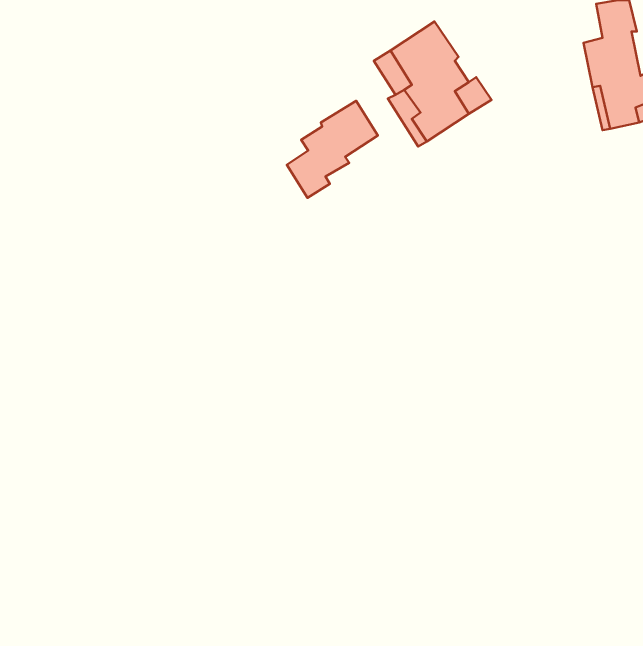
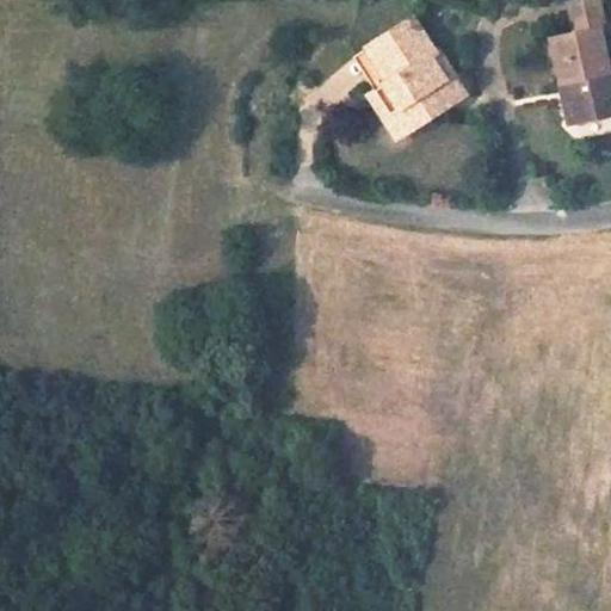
building: [287,101,378,198] -> none

